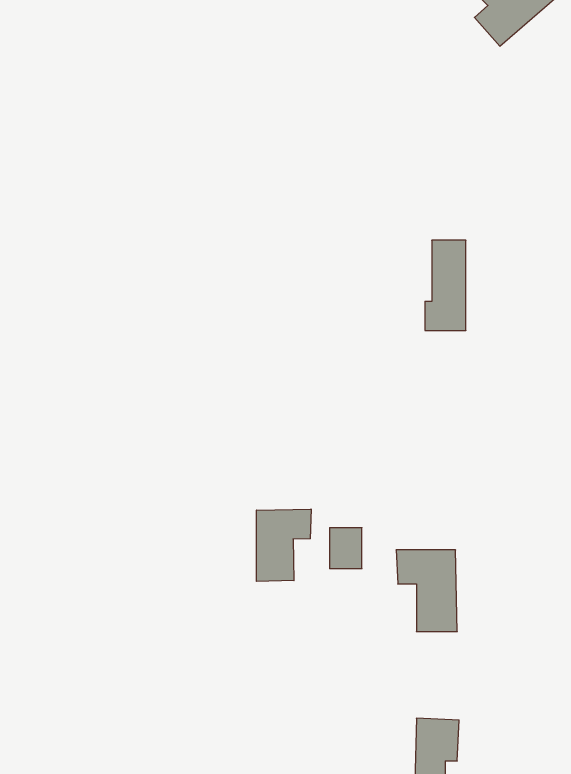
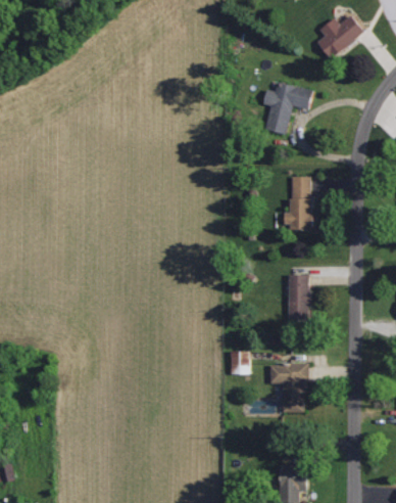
building: none -> [263,83,313,134]
building: none -> [288,275,309,324]
building: [257,509,311,581] -> none

